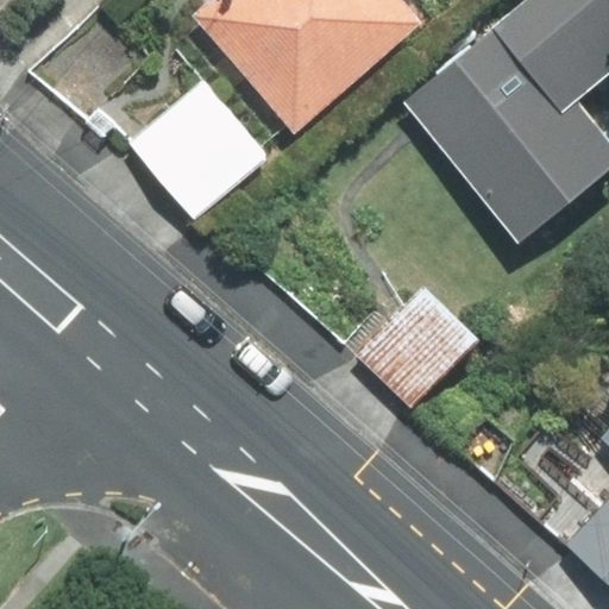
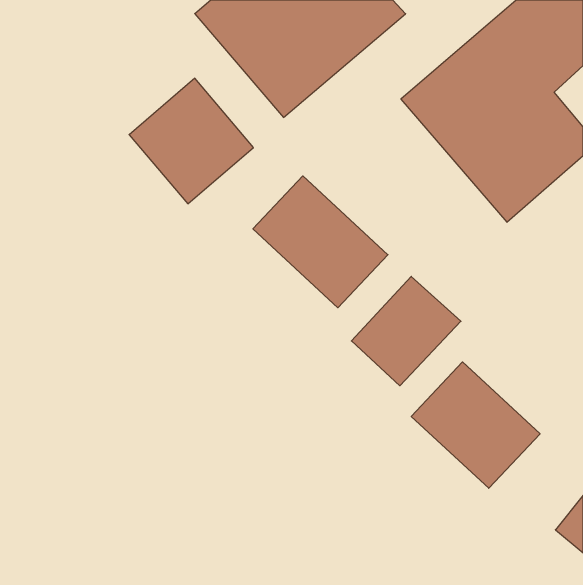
building: none -> [253,176,388,308]
building: none -> [411,362,540,488]

